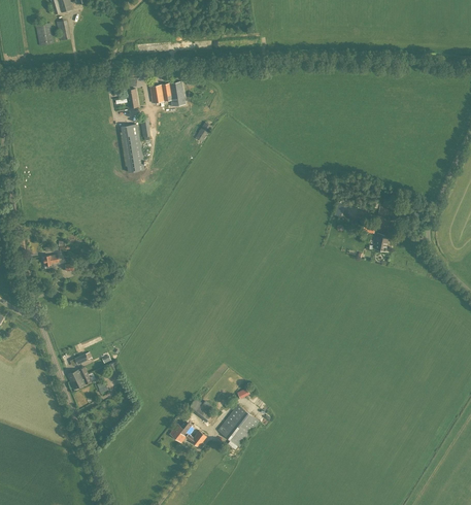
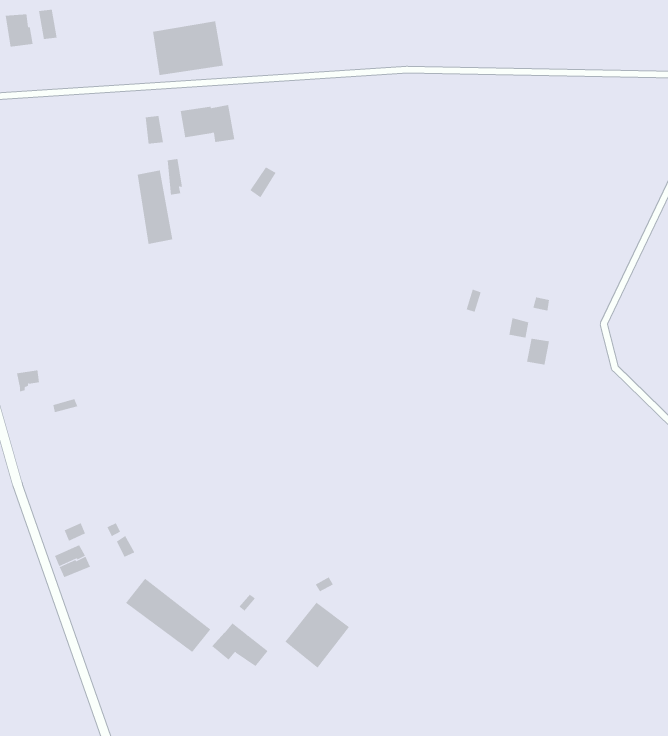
building: none -> [153,21,224,76]
building: none -> [125,578,211,653]

